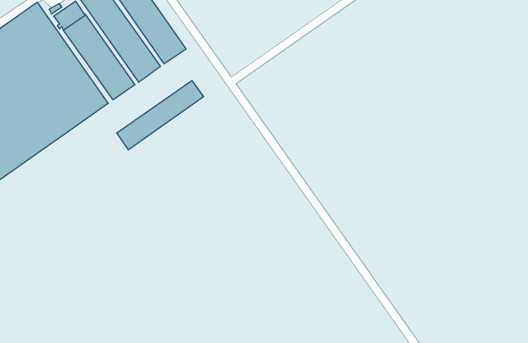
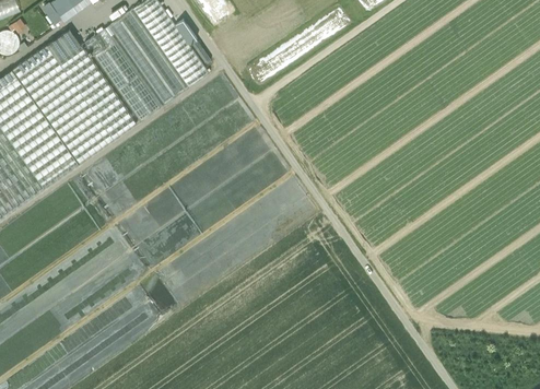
building: [117,81,203,150] -> none

